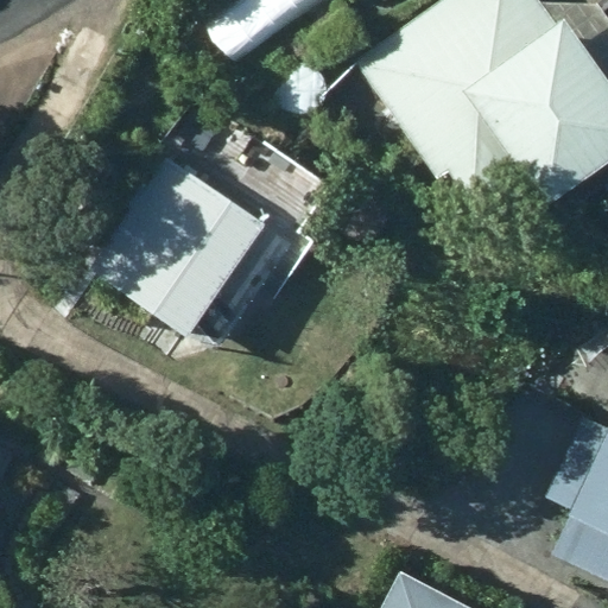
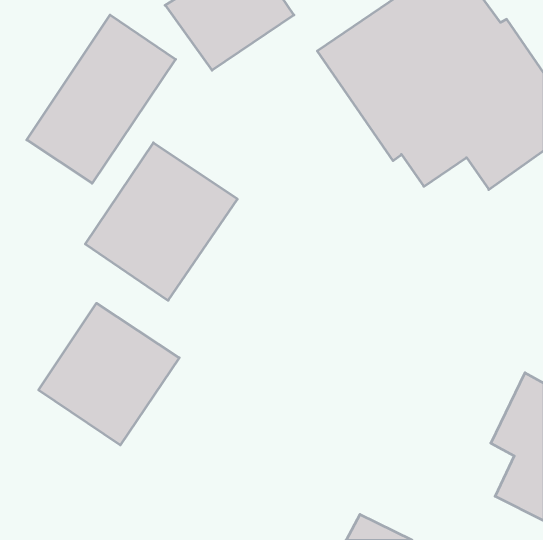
building: none -> [27,15,176,183]
building: none -> [39,303,179,445]

